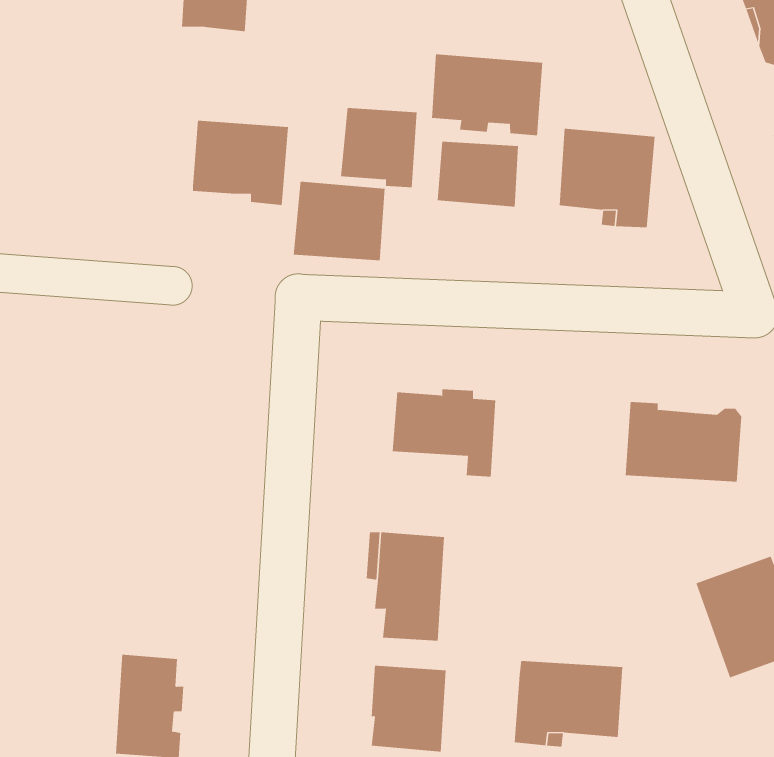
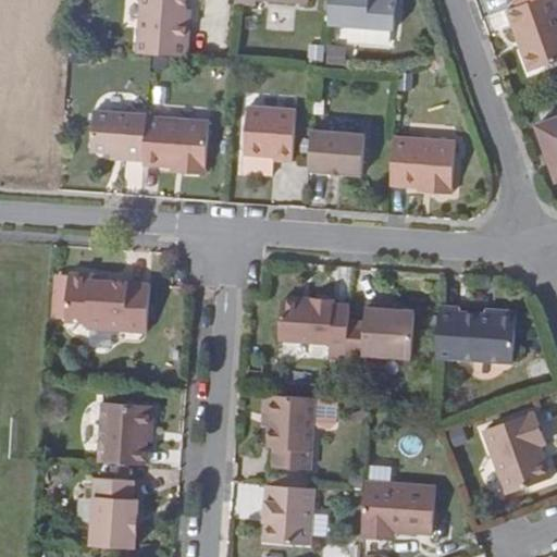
building: [431,54,543,136] -> none
building: none -> [90,111,146,161]
building: [293,181,385,261] -> none
building: none -> [65,273,150,333]
building: none -> [361,304,413,357]
building: none -> [98,401,153,465]

